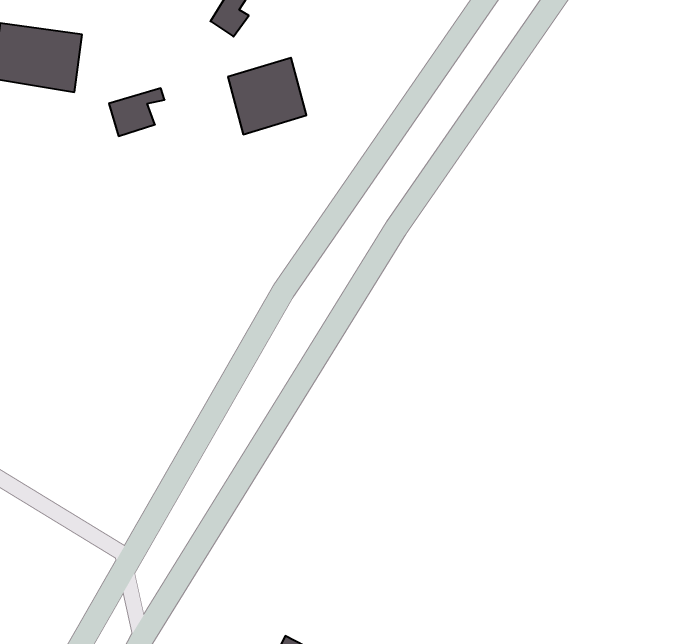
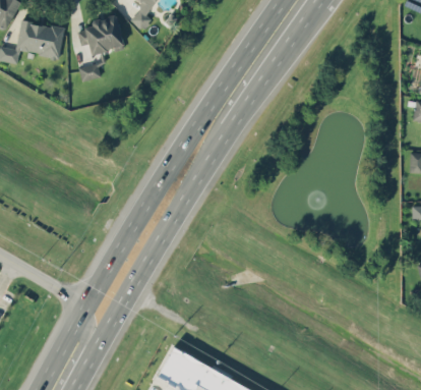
building: [228,58,306,134] -> [82,17,124,58]

